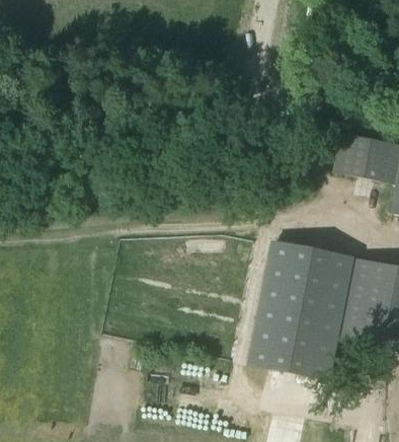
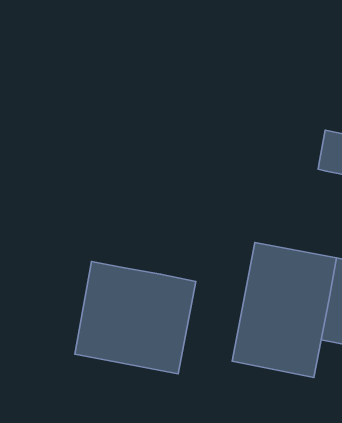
building: none -> [75,262,196,374]

